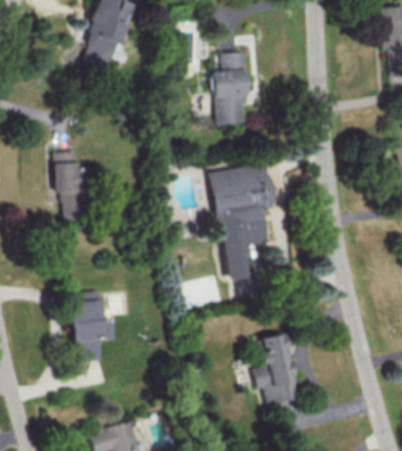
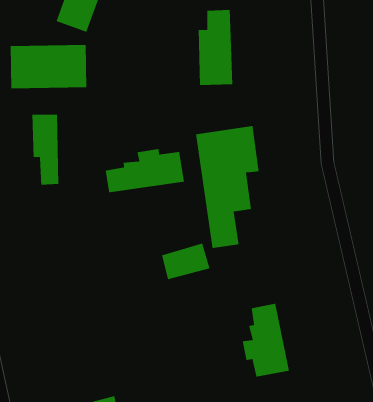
building: none -> [10,44,87,89]
building: none -> [105,148,185,193]
building: [71,292,118,363] -> none

